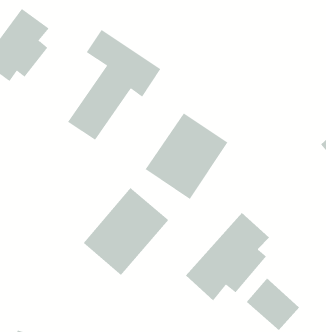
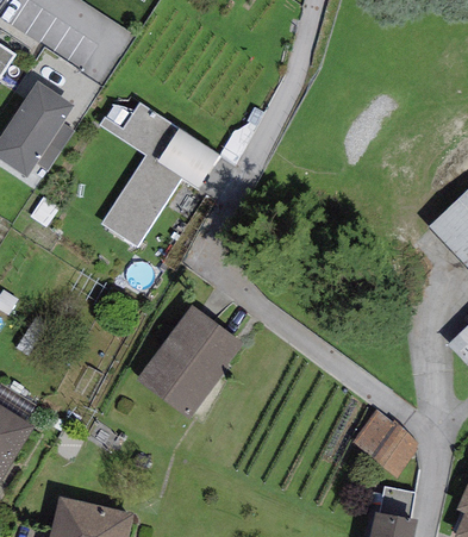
building: [145,113,228,200] -> none
building: [185,212,270,301] -> none

